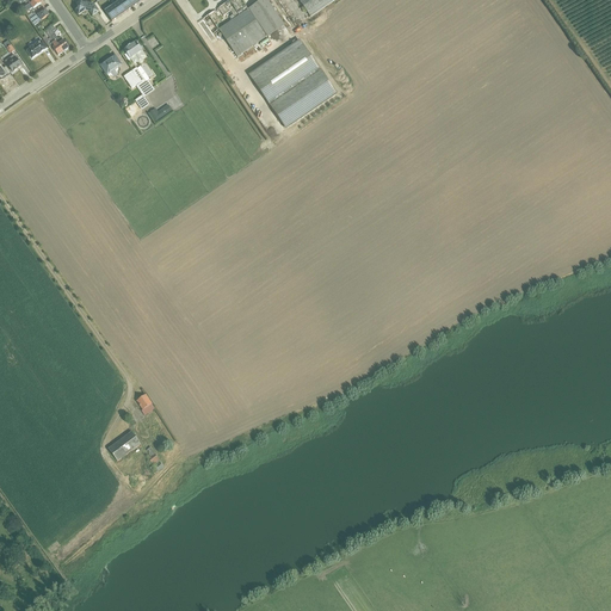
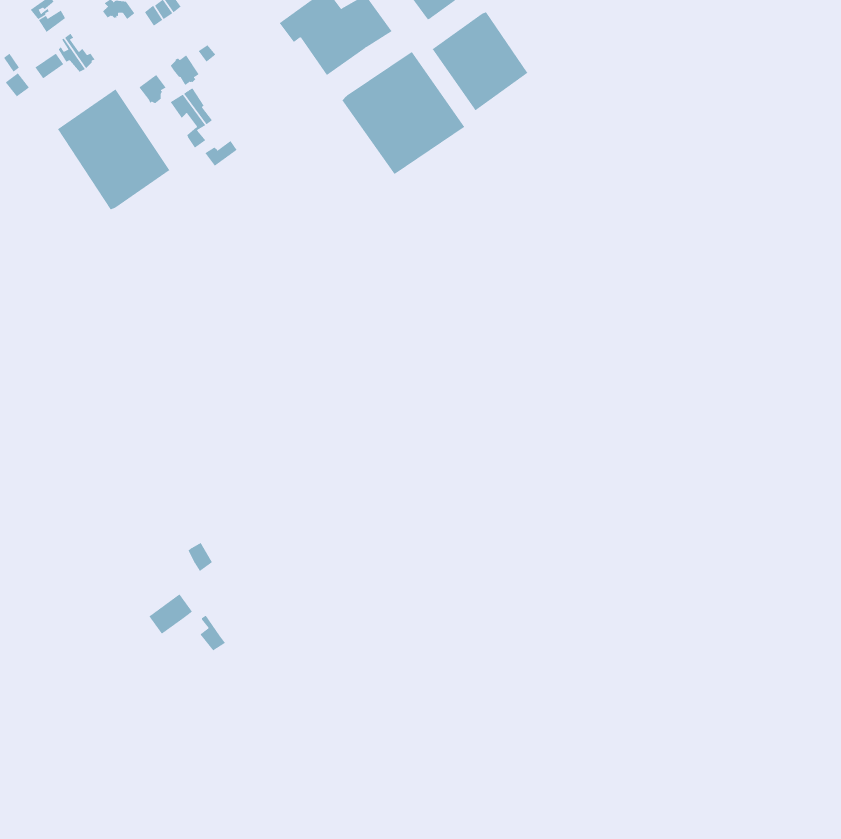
building: none -> [432,11,528,111]
building: none -> [57,89,170,210]

